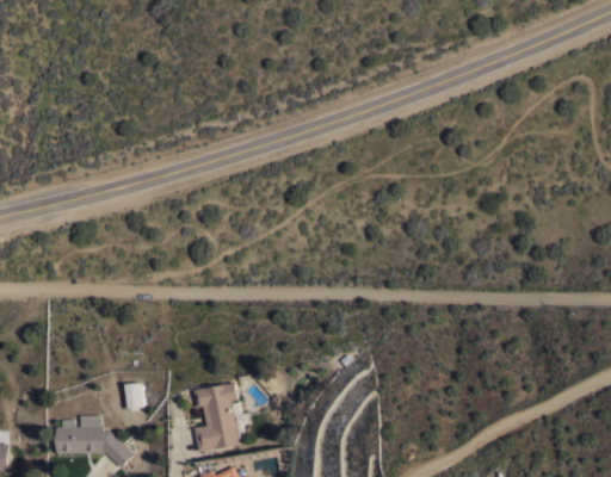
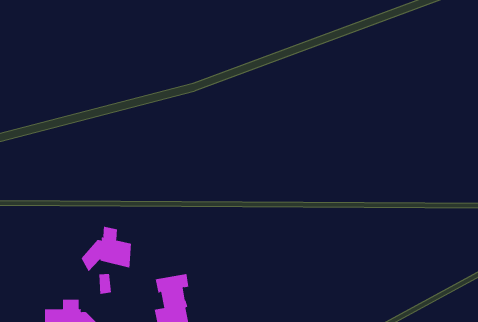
building: none -> [81,226,131,272]

